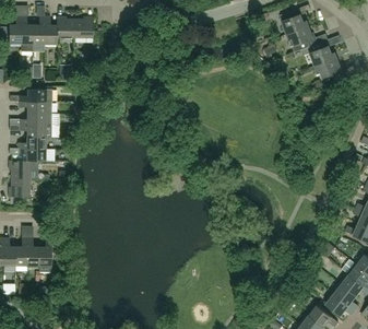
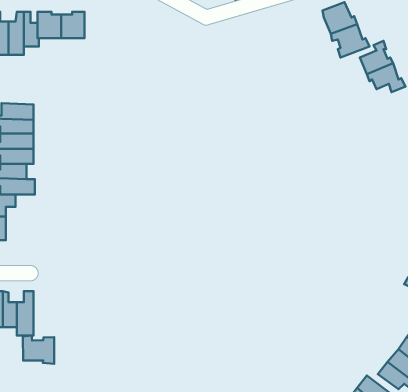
building: none -> [23,336,54,364]

